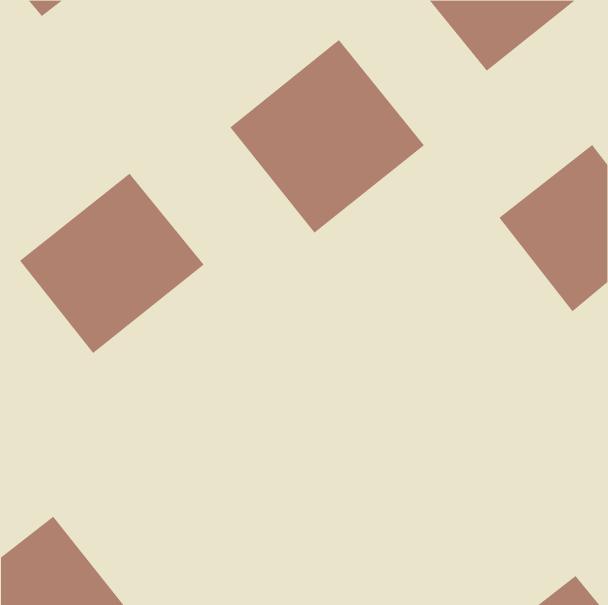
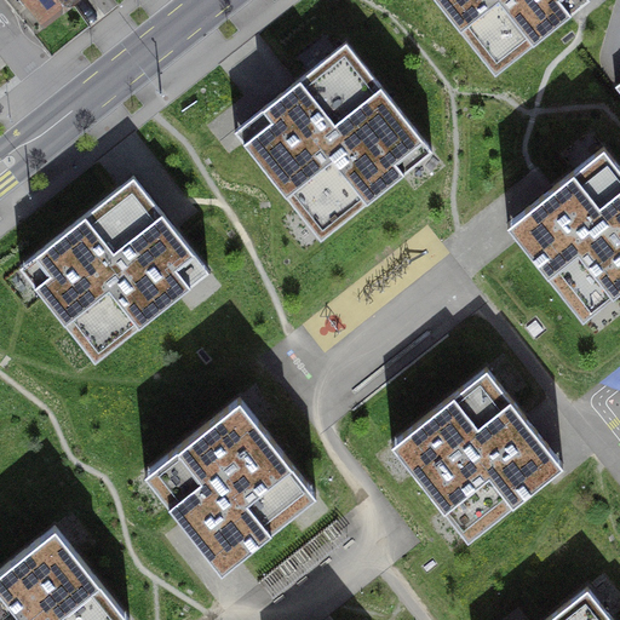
building: none -> [390,369,563,541]
building: none -> [144,398,316,573]

